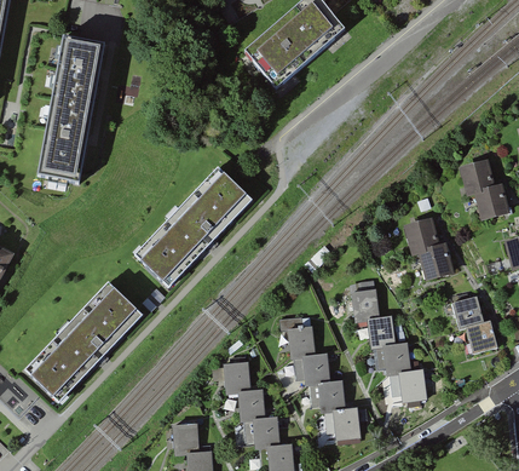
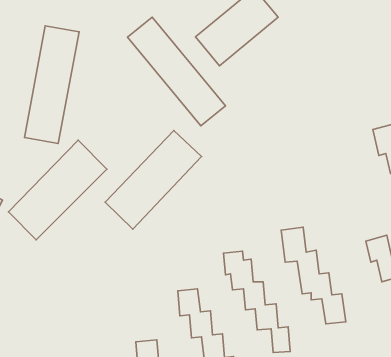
building: none -> [128,17,226,126]
building: [404,216,455,278] -> none
building: [24,280,144,401] -> [8,140,107,240]

